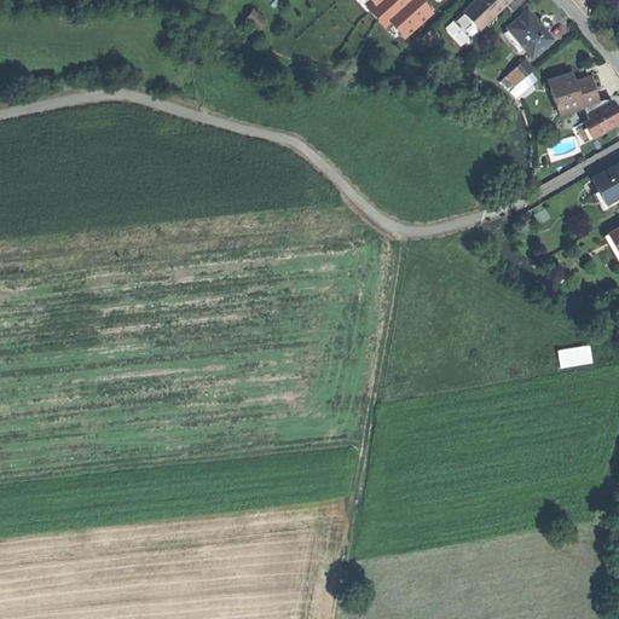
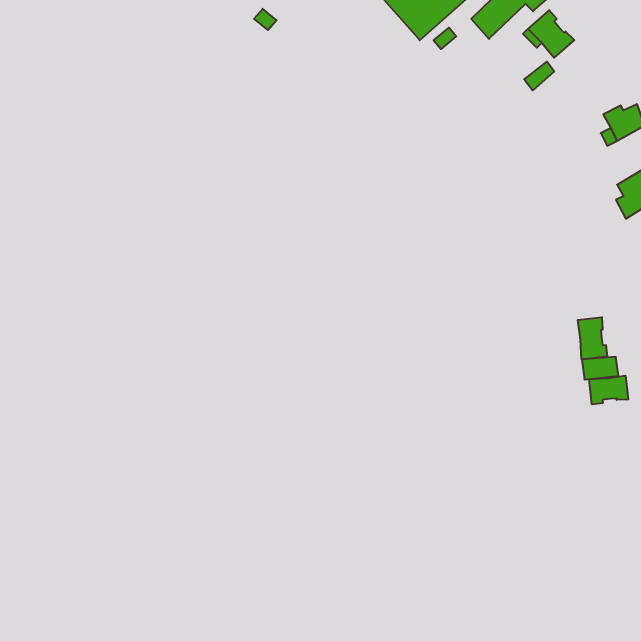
building: [546,73,597,114] -> none
building: none -> [578,317,607,359]
building: none -> [589,376,628,404]

